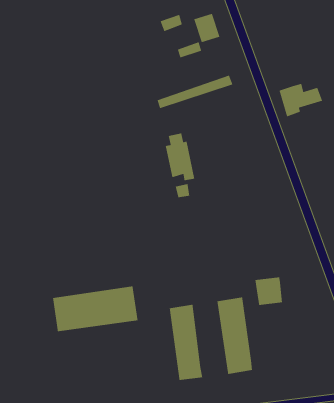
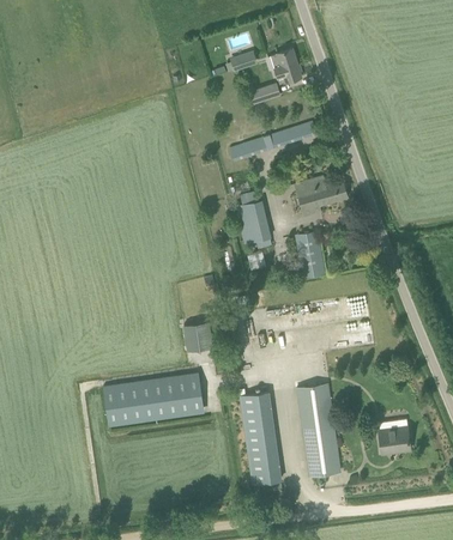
building: [278,83,323,117] -> [296,176,349,217]
building: none -> [295,231,326,278]
building: none -> [183,321,211,350]
building: [255,276,283,306] -> [378,419,411,454]

